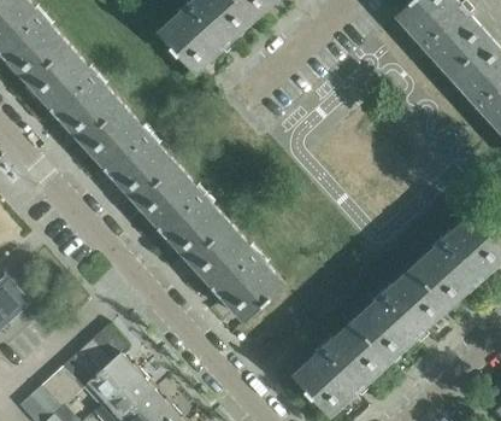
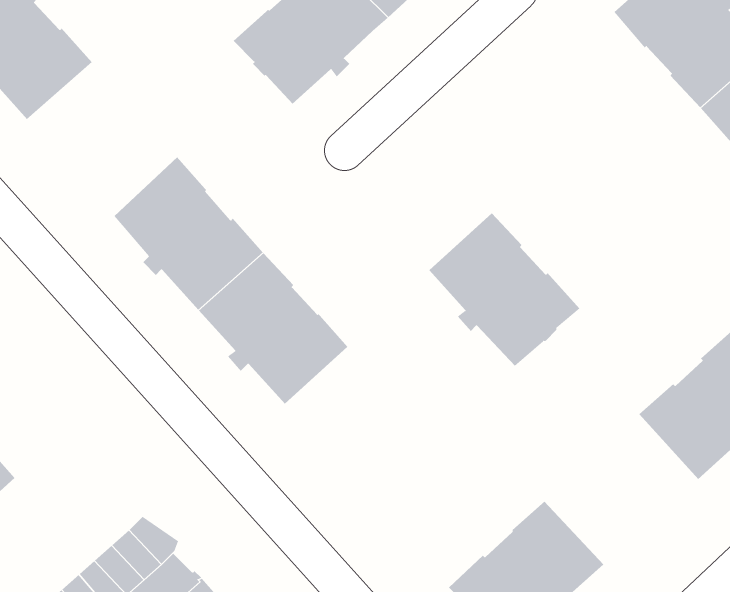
building: [29,46,123,142] -> none
building: [190,224,285,321] -> [428,212,580,366]
building: [353,267,449,361] -> none

